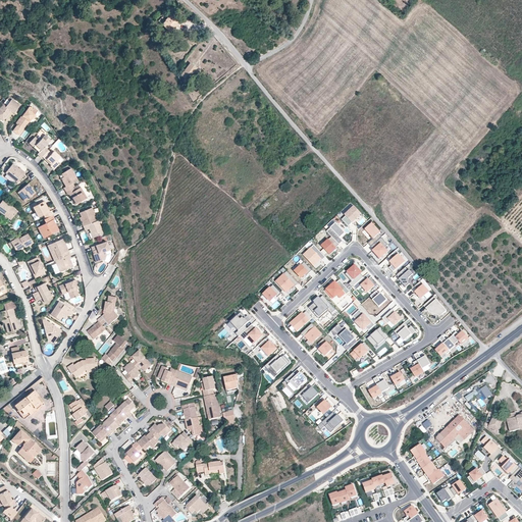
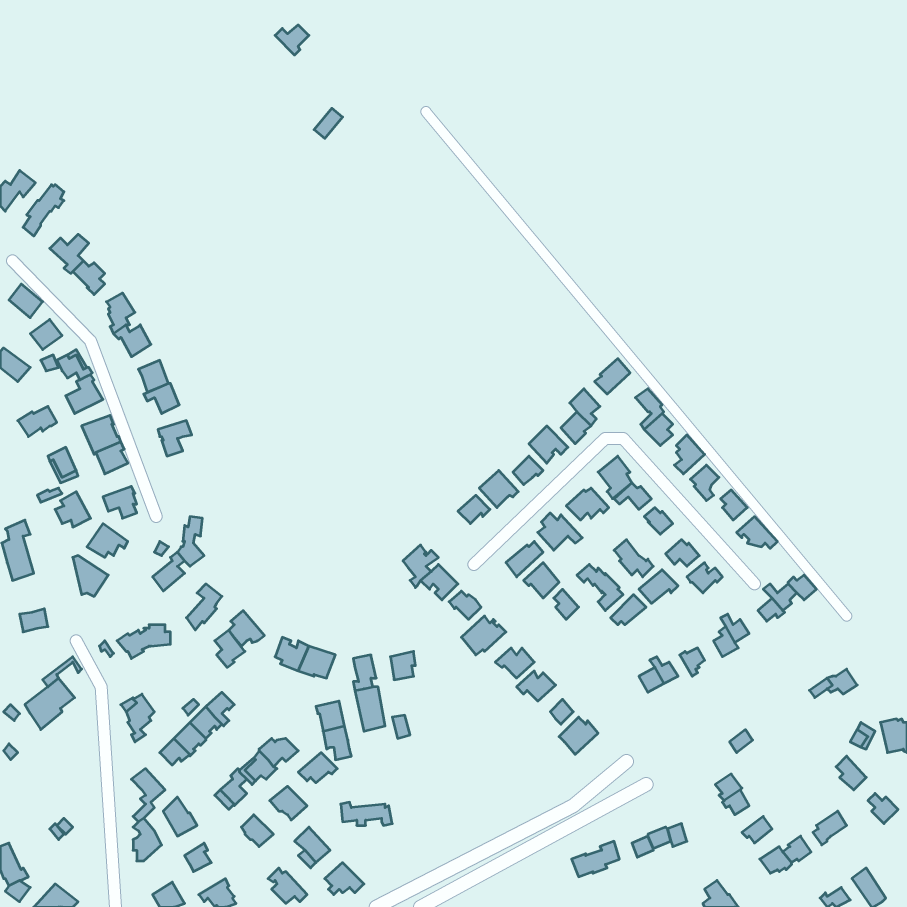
building: [436,416,473,448] -> none
building: [11,429,42,463] -> none

